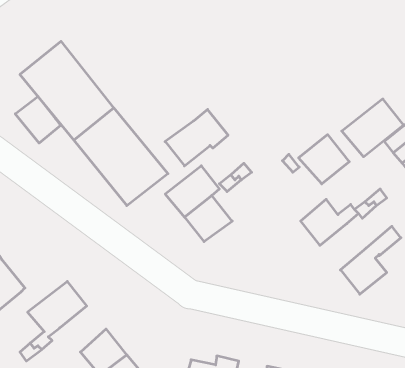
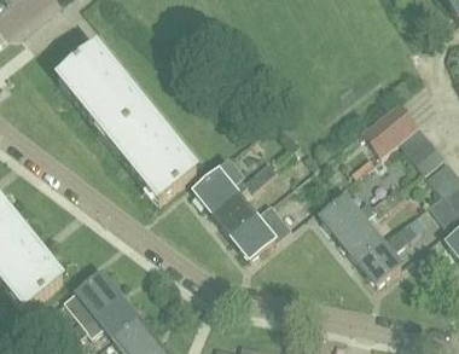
building: [15,96,61,143] -> none
building: [165,109,228,166] -> [232,204,291,257]
building: [299,135,349,184] -> none
building: none -> [341,217,384,261]
building: none -> [86,295,140,338]

